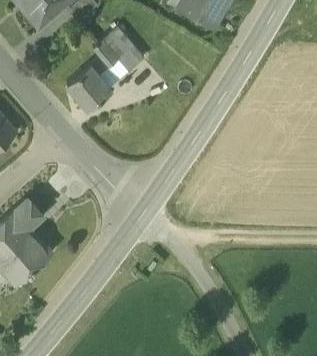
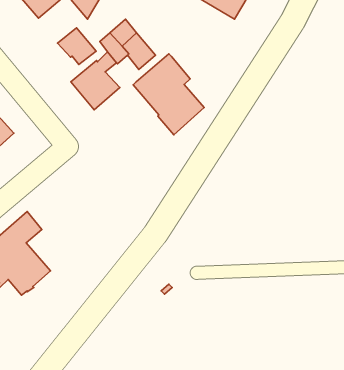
building: none -> [58,28,96,64]
building: none -> [133,54,204,135]

